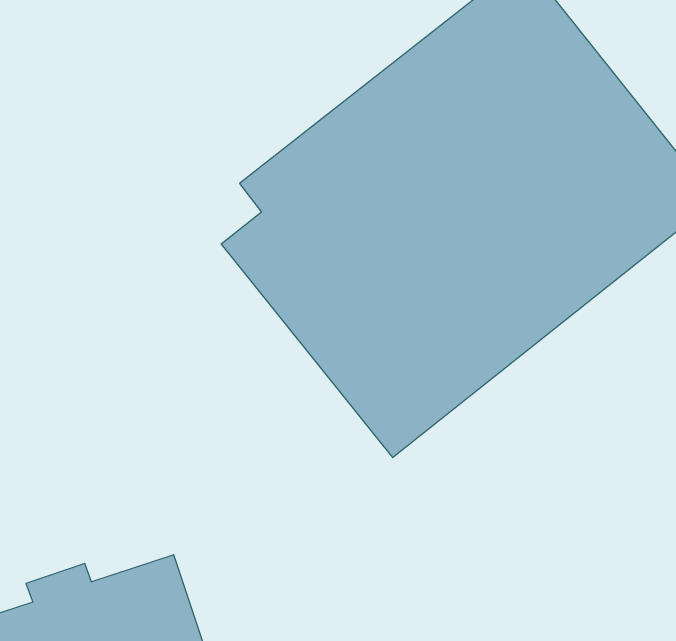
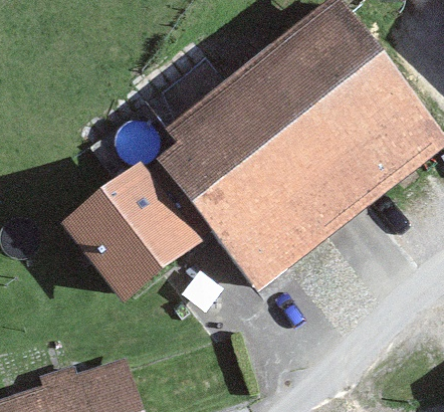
building: none -> [61,167,204,308]

